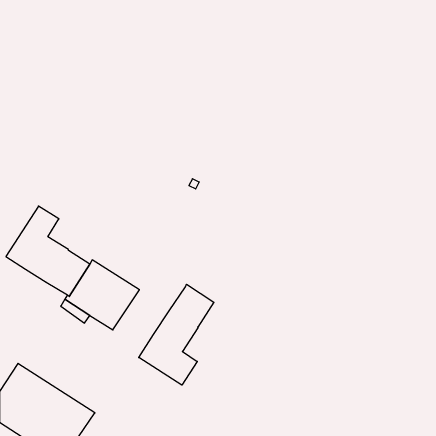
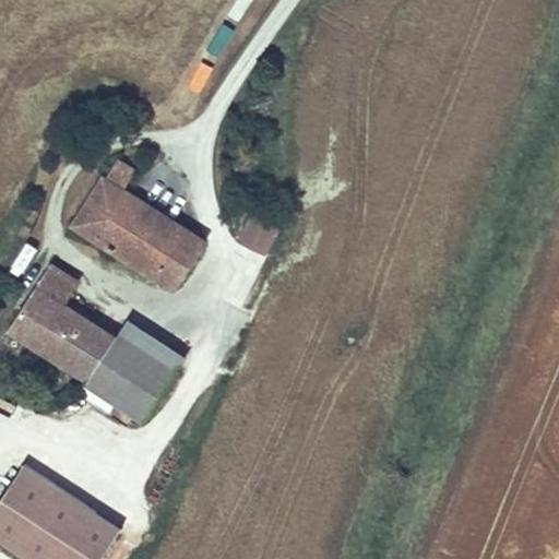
building: none -> [73,162,204,288]
building: [139,284,214,385] -> none

